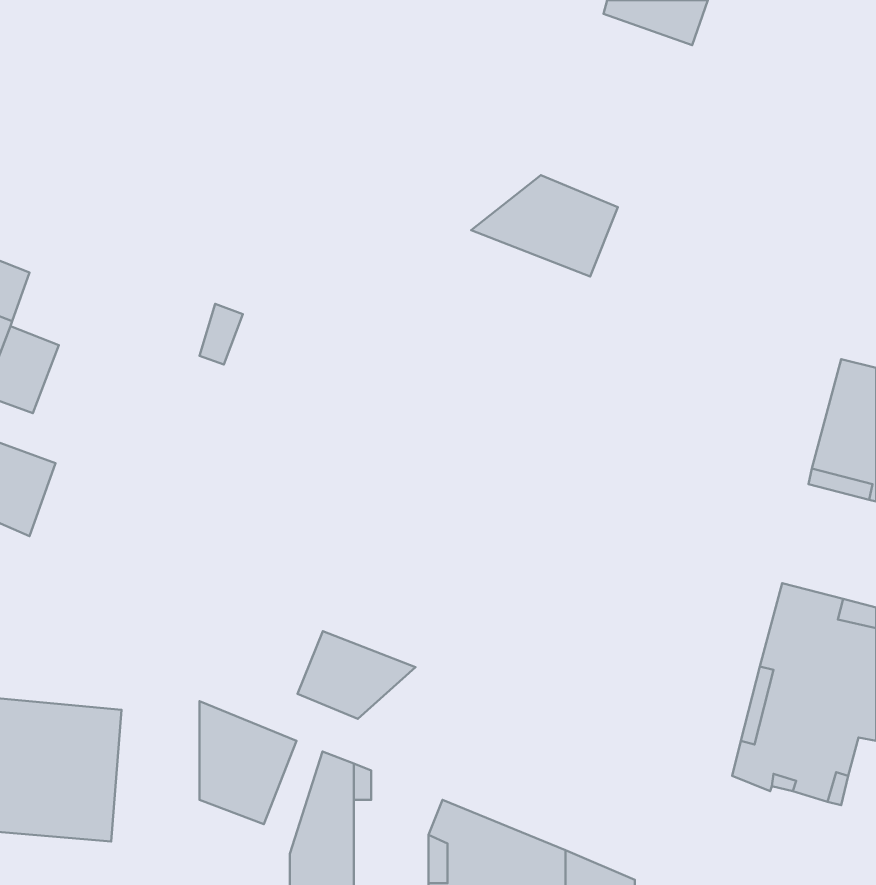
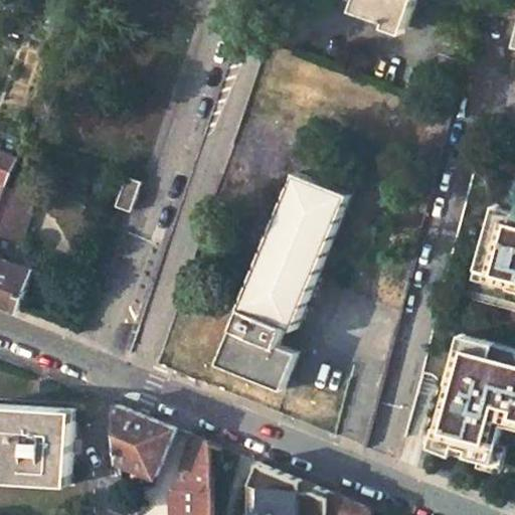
building: [471,175,618,277] -> none
building: none -> [215,174,346,388]
building: [298,631,416,719] -> none

